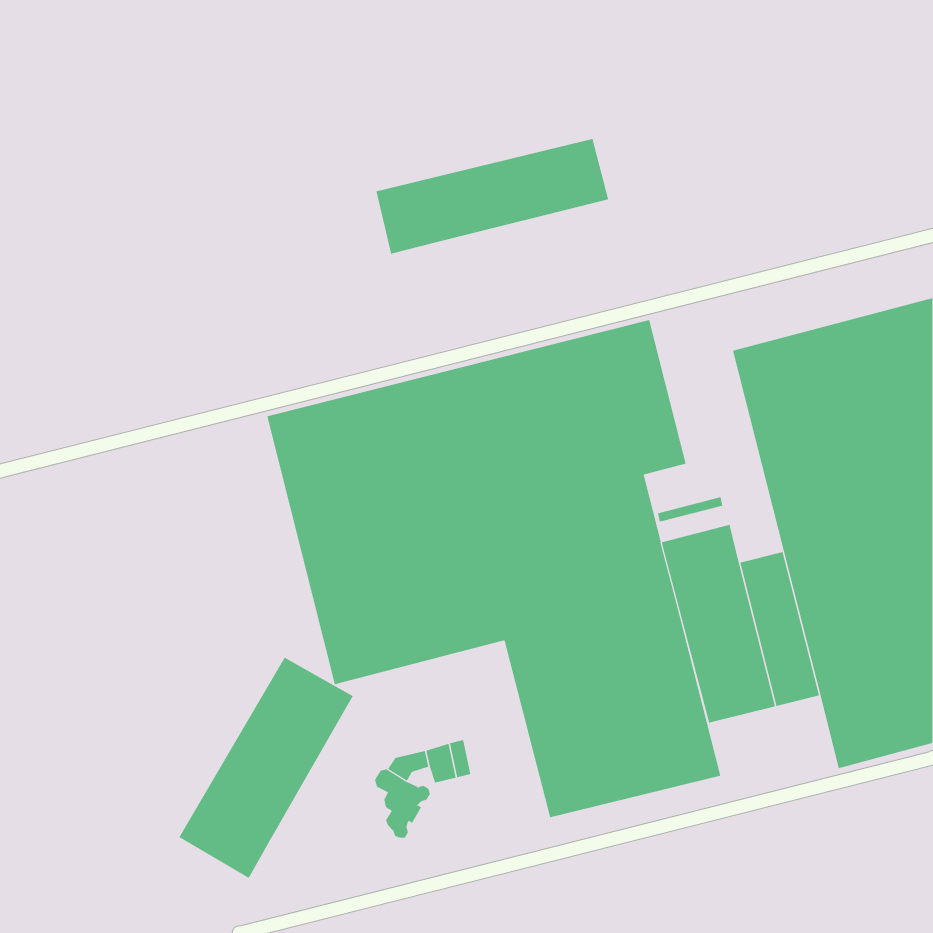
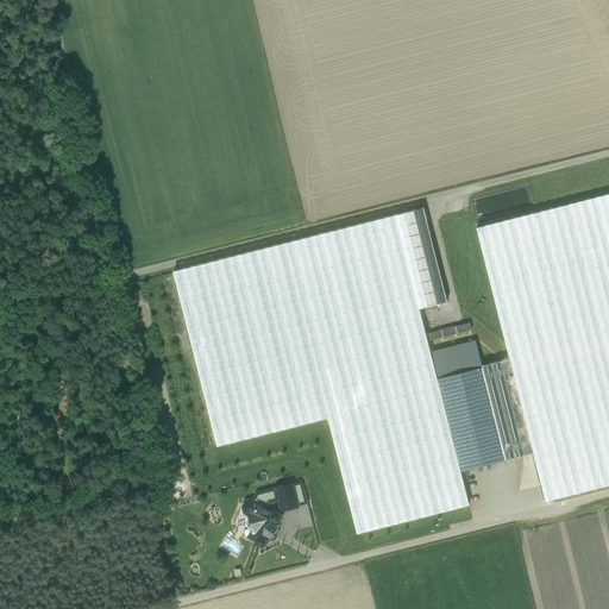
building: [376,138,609,255] -> none
building: [178,657,354,879] -> none

